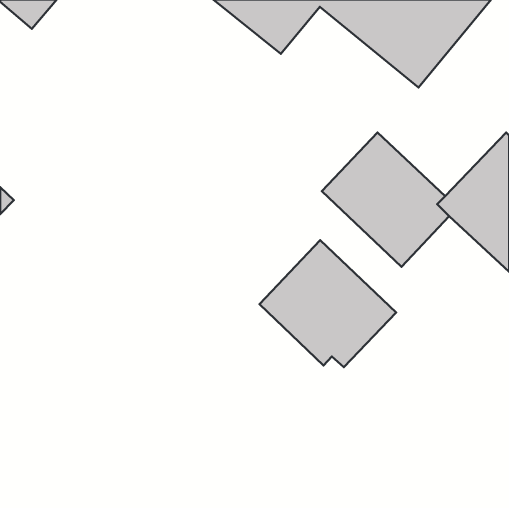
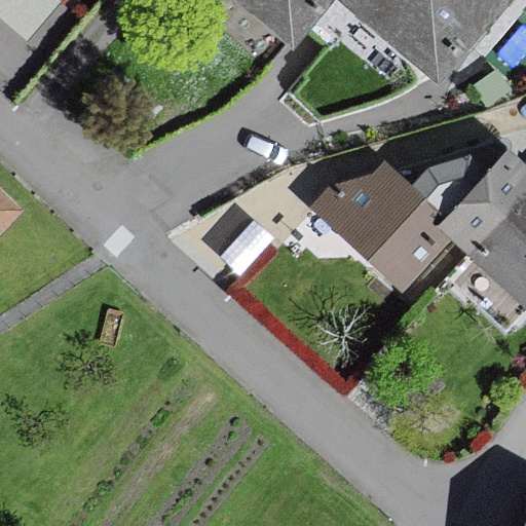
building: [260,240,396,367] -> none

